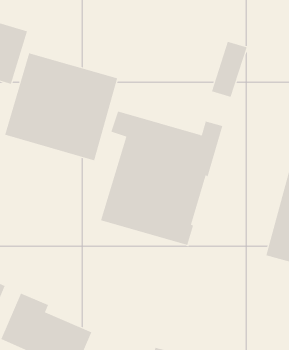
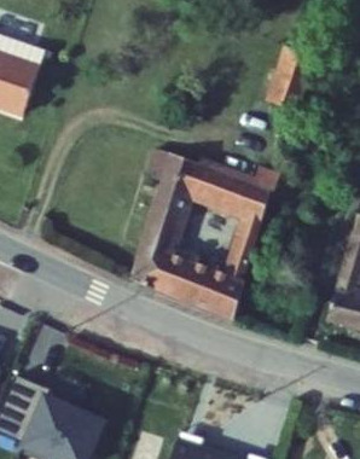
building: [4,52,118,161] -> none

